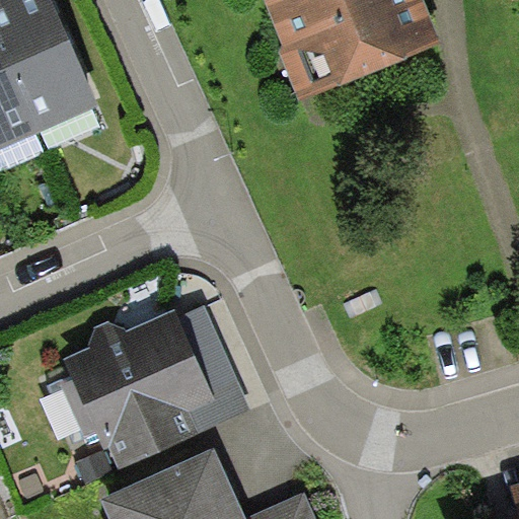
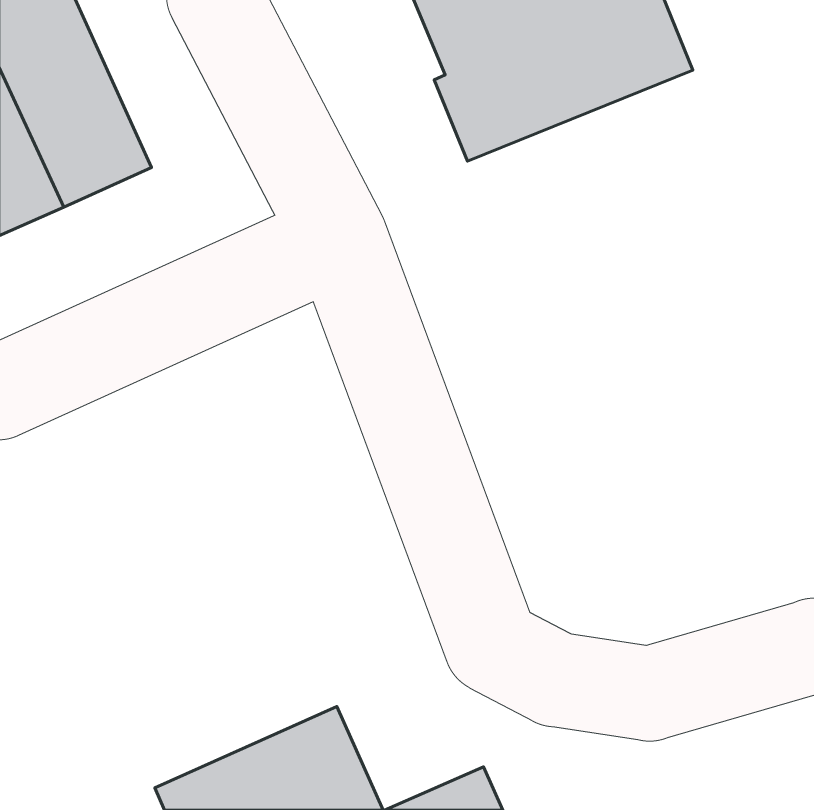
building: [63,310,252,469] -> none

